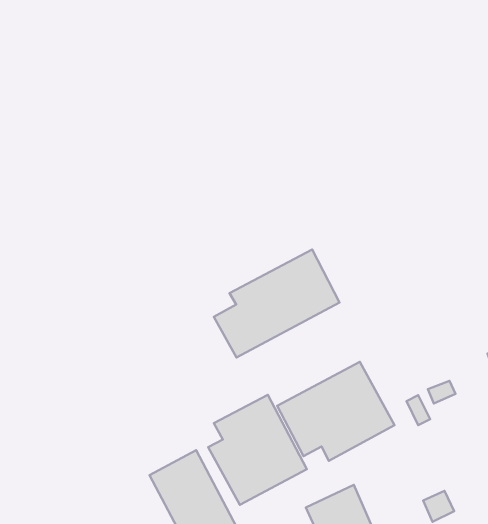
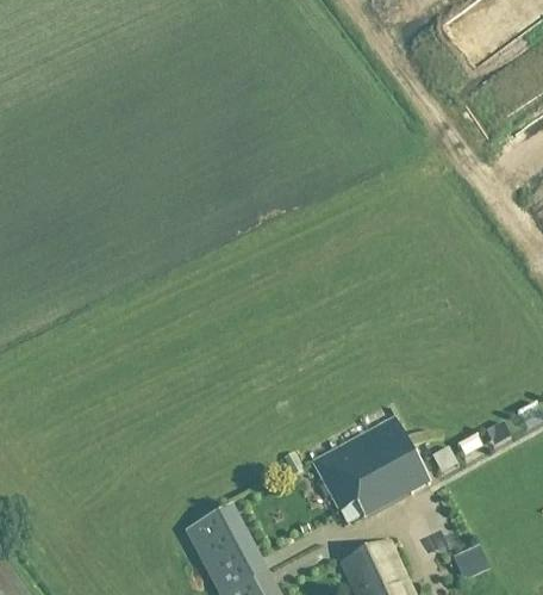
building: [214,249,339,358] -> none
building: [208,395,307,505] -> none

